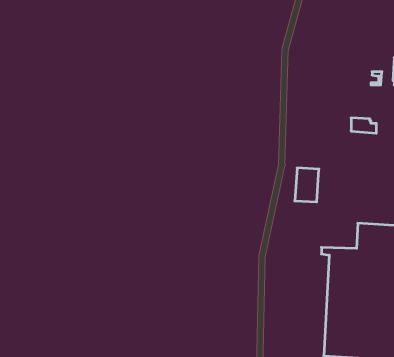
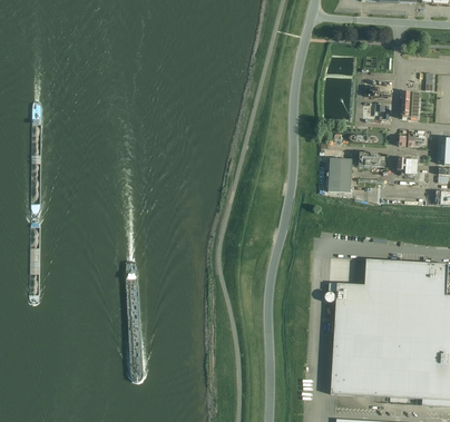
building: [295,168,319,202] -> [327,157,352,192]

